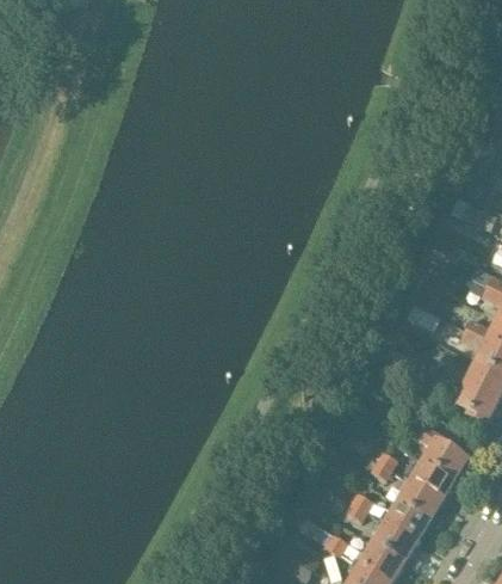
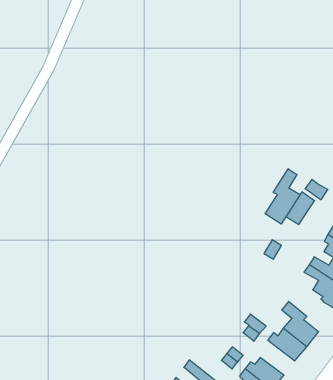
building: none -> [265,169,300,224]
building: [396,478,441,521] -> none

